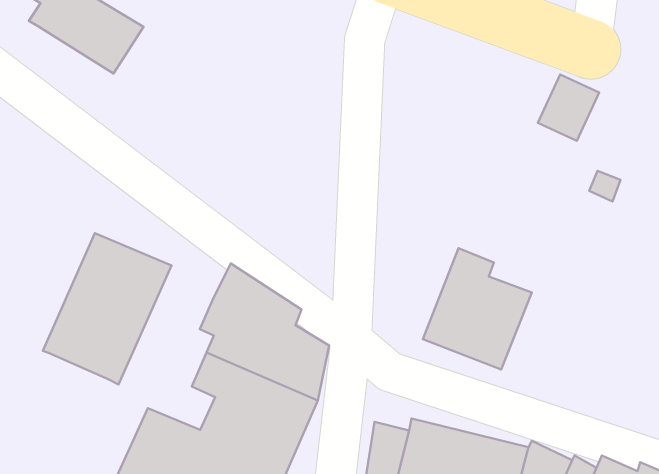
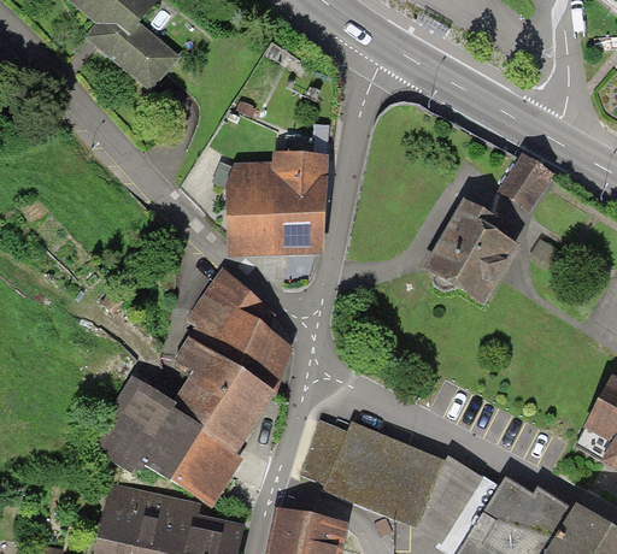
building: none -> [227,149,329,257]
building: [43,233,172,384] -> none
building: [423,248,532,370] -> [423,199,521,306]

